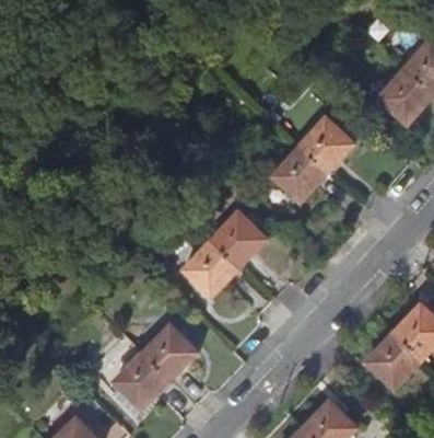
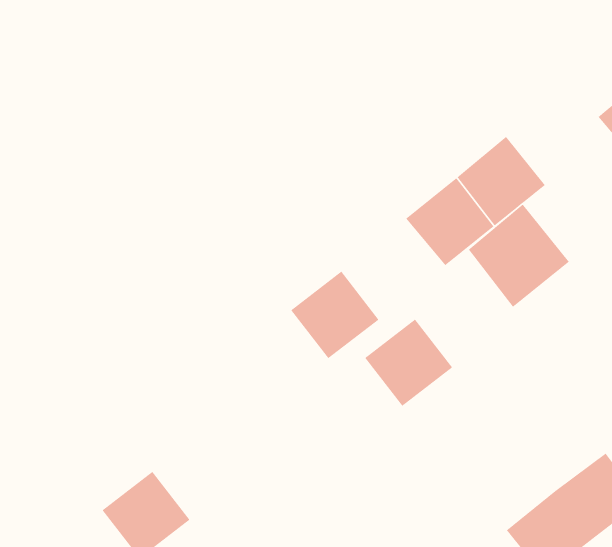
building: none -> [468,204,570,308]
building: [185,243,239,298] -> [364,318,453,407]
building: [143,326,197,379] -> none

